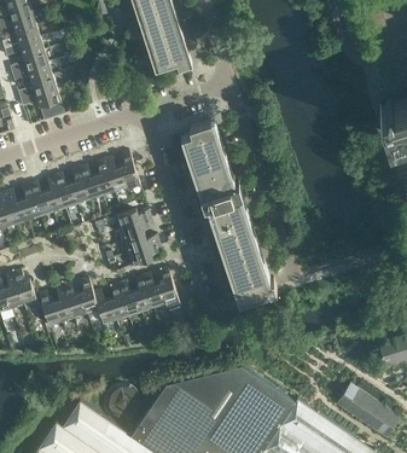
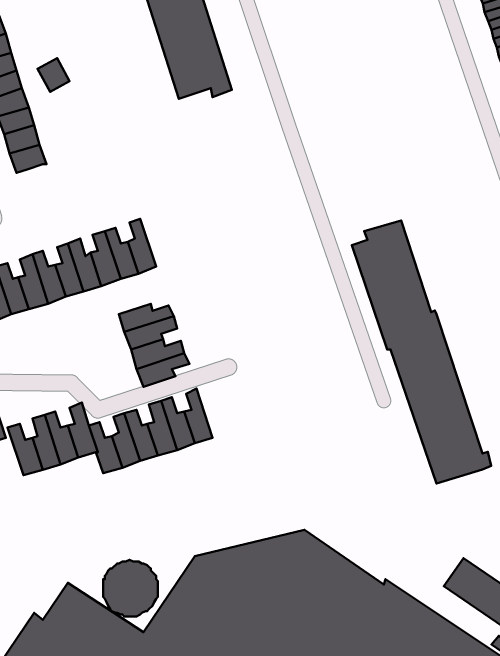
building: [179,121,274,301] -> [352,220,491,484]

